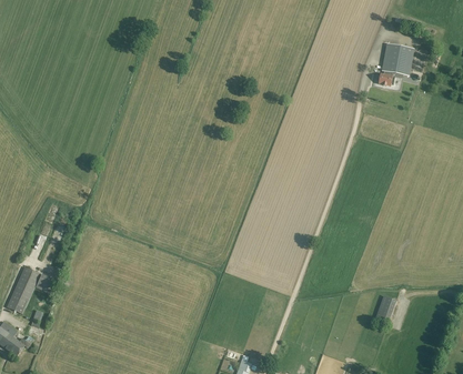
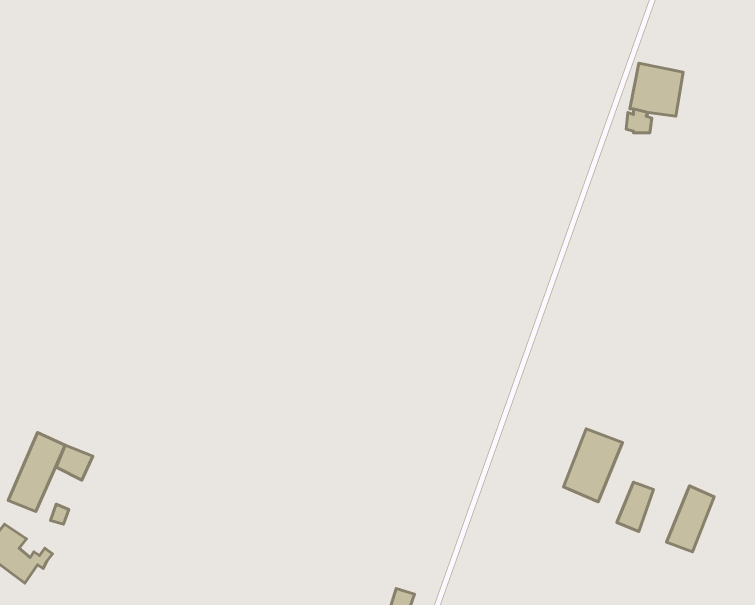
building: none -> [564,429,622,502]
building: none -> [667,486,714,552]

